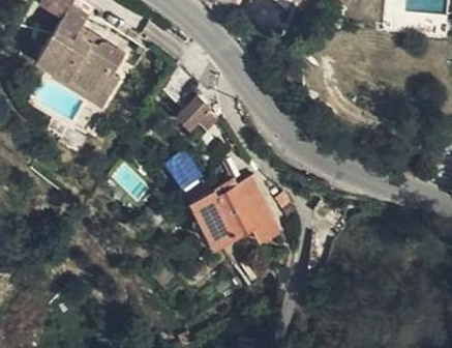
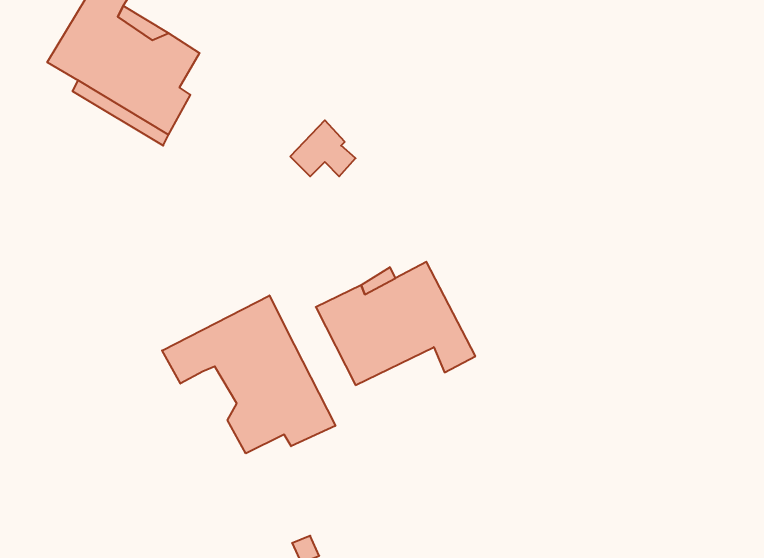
building: none -> [162,295,335,453]

